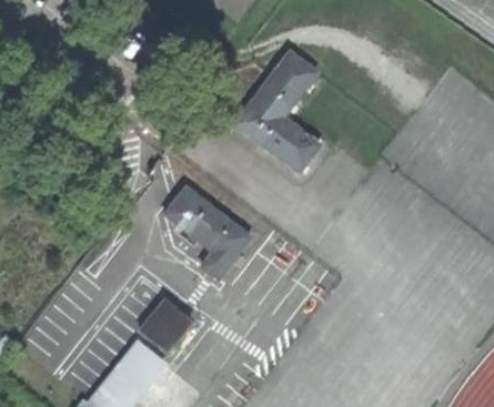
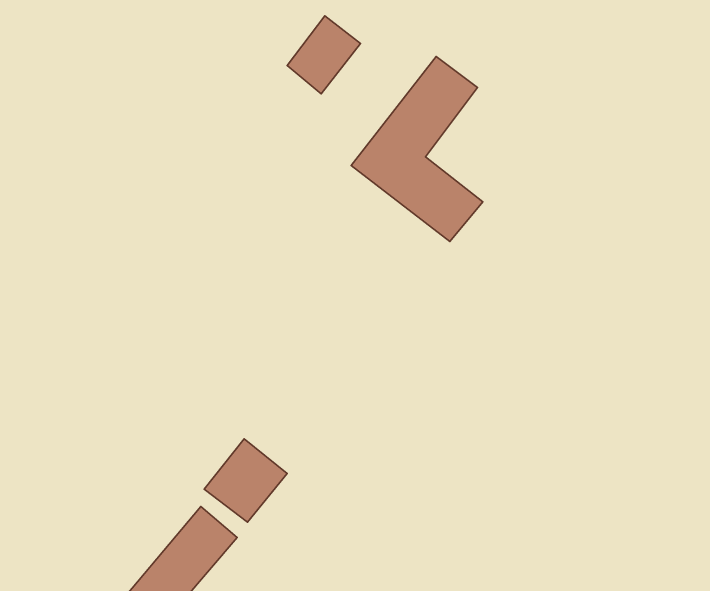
building: none -> [287,16,361,94]
building: [165,187,249,276] -> none

